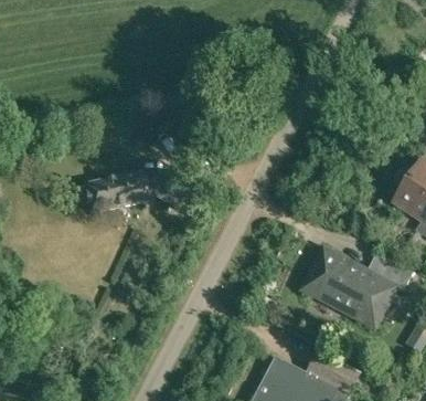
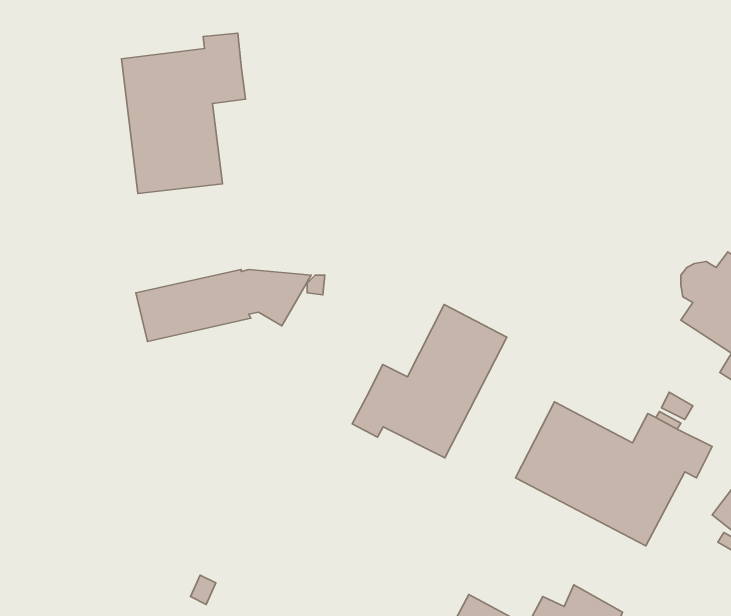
building: none -> [122,33,245,193]
building: none -> [352,305,507,458]

